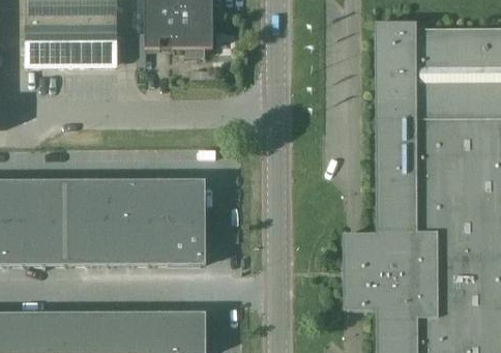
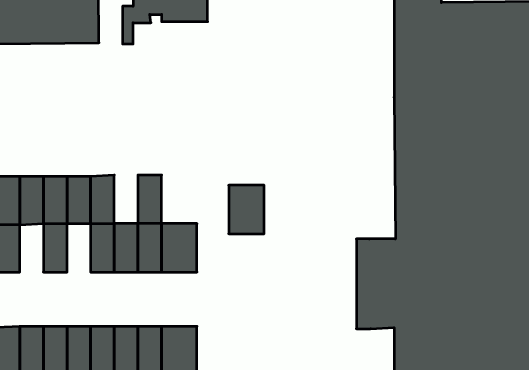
building: [129,179,150,222] -> none
building: [171,179,202,222] -> [229,185,264,234]
building: [47,222,67,264] -> none
building: [88,222,109,264] -> none

